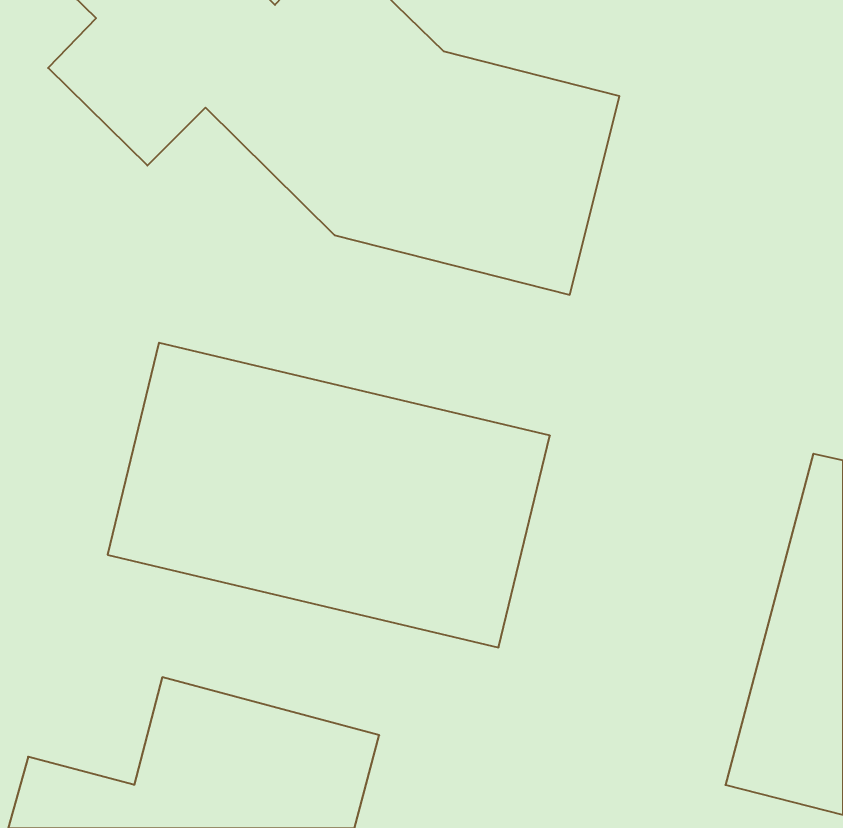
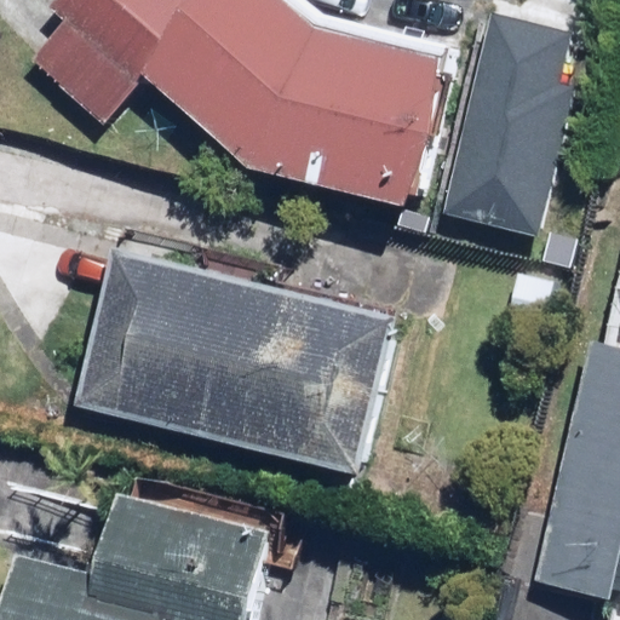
building: none -> [440,15,579,263]

